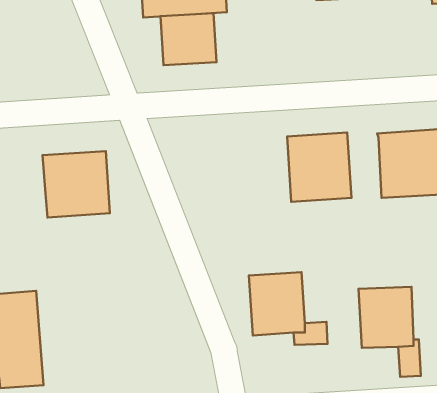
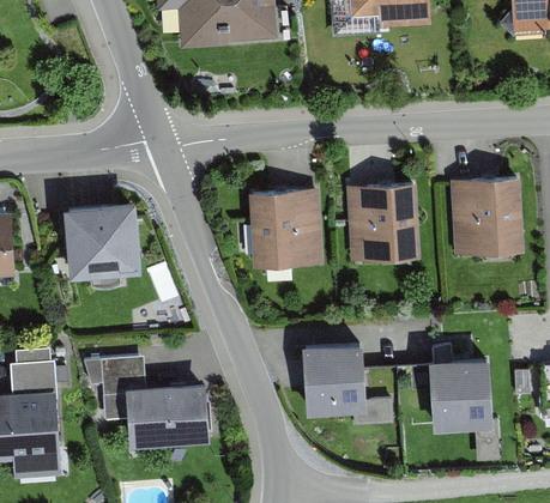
building: [160,13,217,65] -> none
building: none -> [248,189,322,268]
building: none -> [81,358,208,448]

